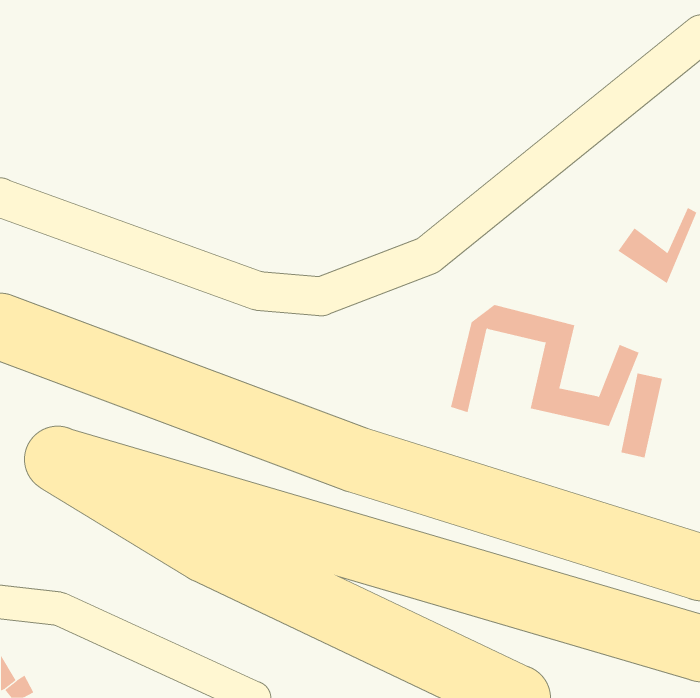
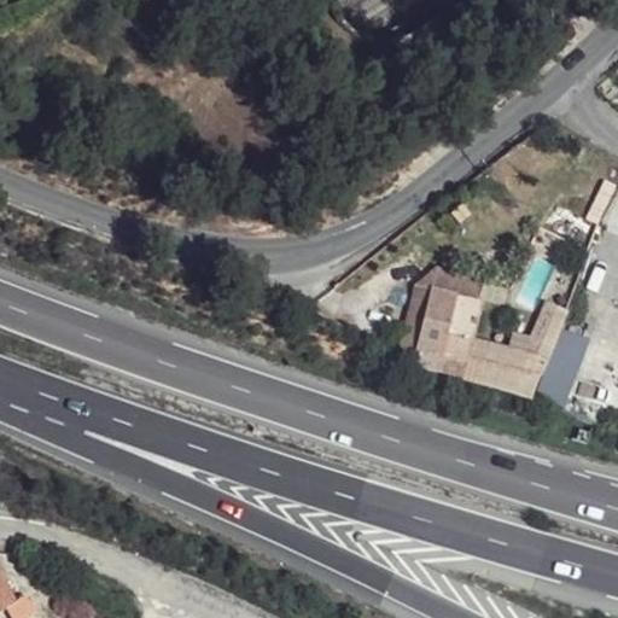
building: none -> [413,290,537,398]

